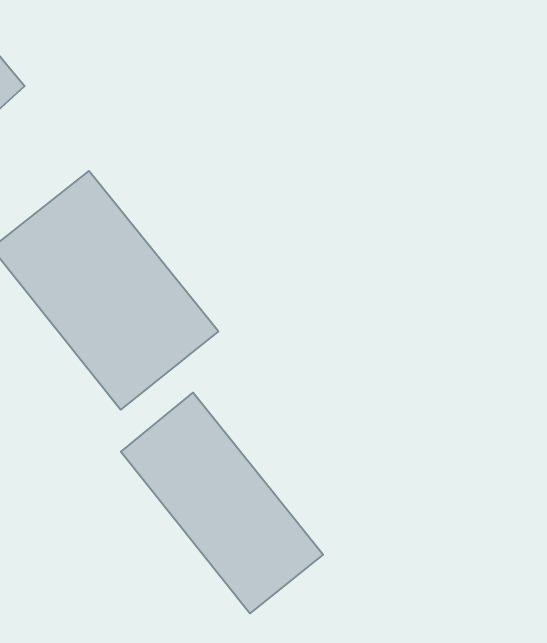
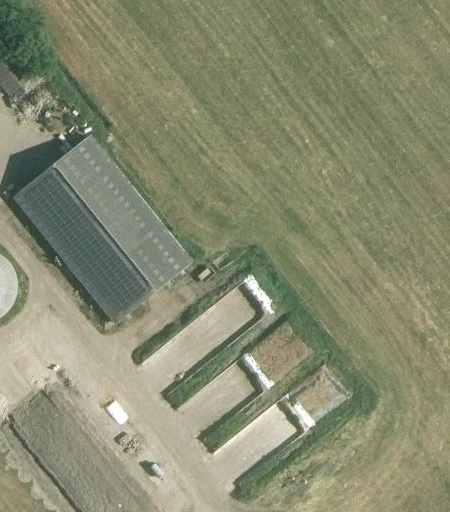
building: [121,393,323,613] -> none

